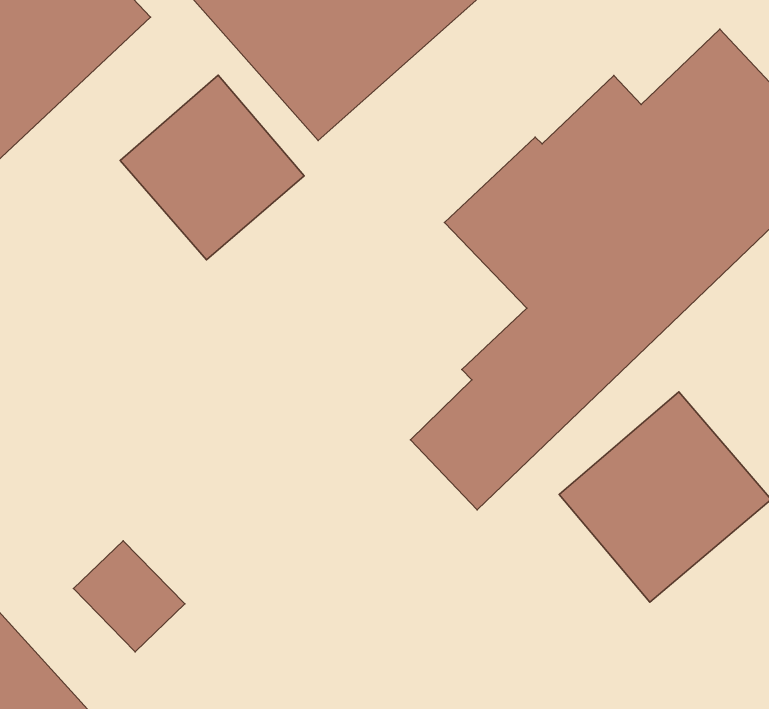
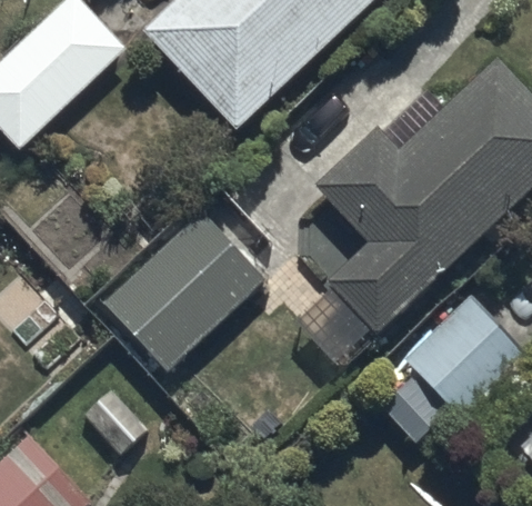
building: [120,75,304,260] -> none
building: none -> [94,204,267,373]

